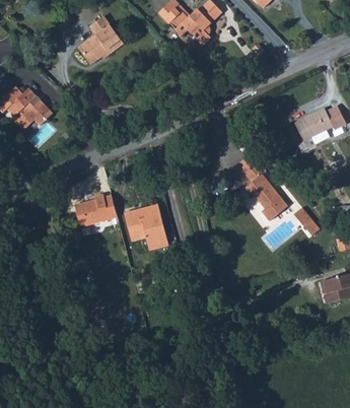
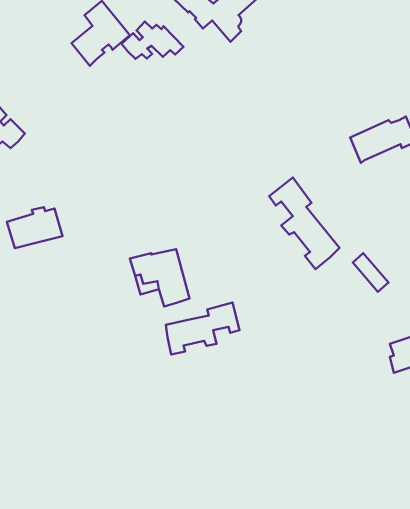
building: none -> [122,22,184,59]
building: [75,195,118,226] -> [7,207,62,248]
building: none -> [166,303,239,355]

